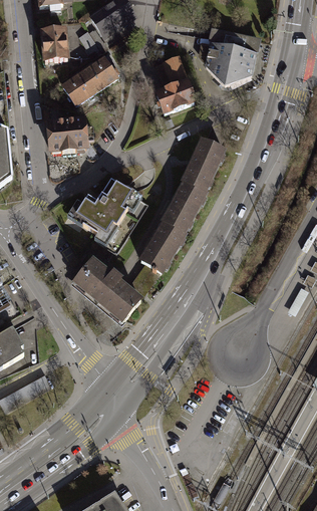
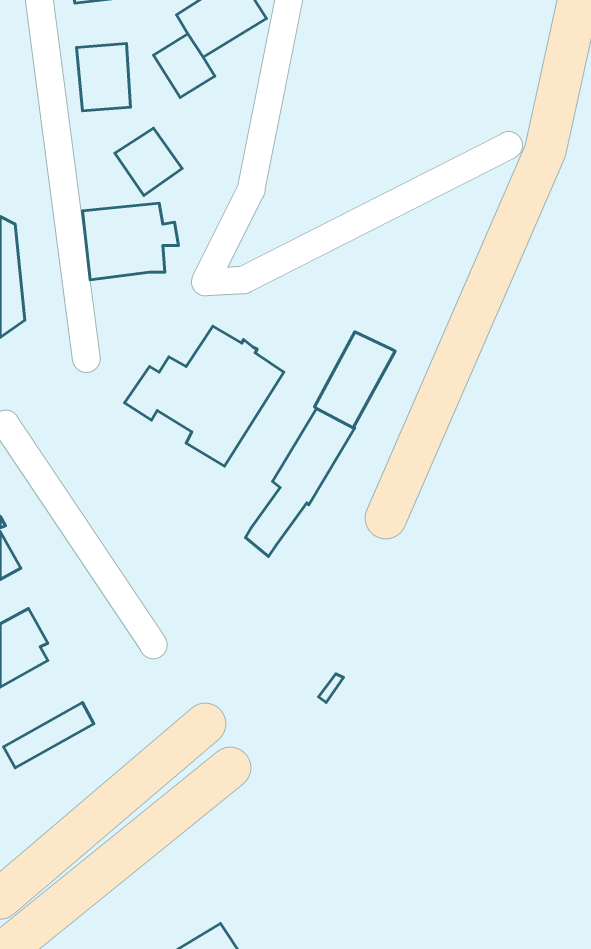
building: [206,29,263,90] -> none
building: [152,57,198,119] -> none
building: [80,59,119,95] -> none
building: [185,139,225,190] -> none
building: [75,259,141,320] -> none

